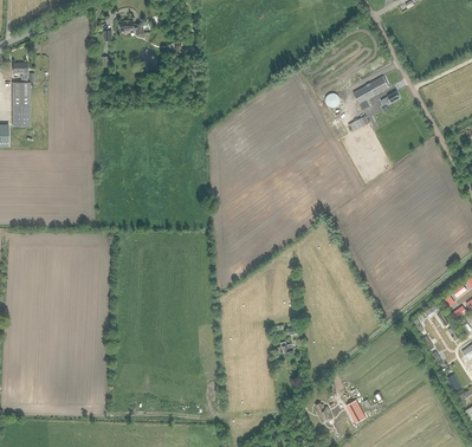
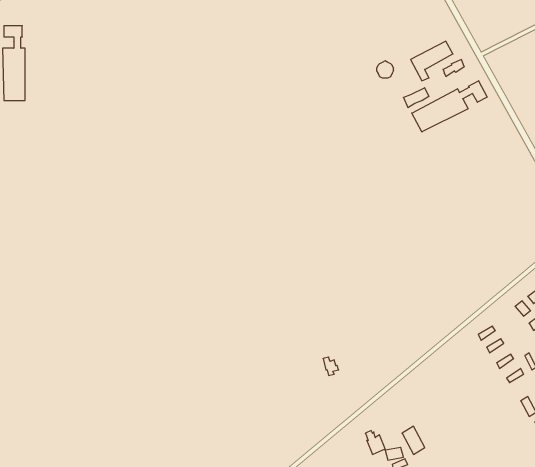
building: none -> [412,81,487,132]

